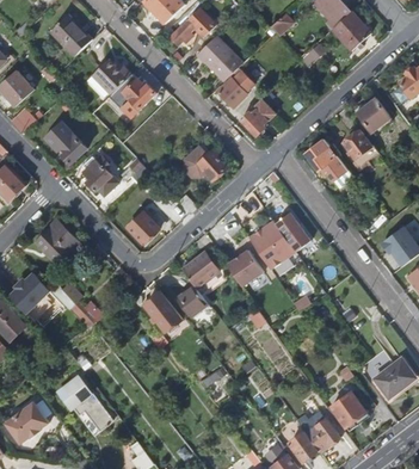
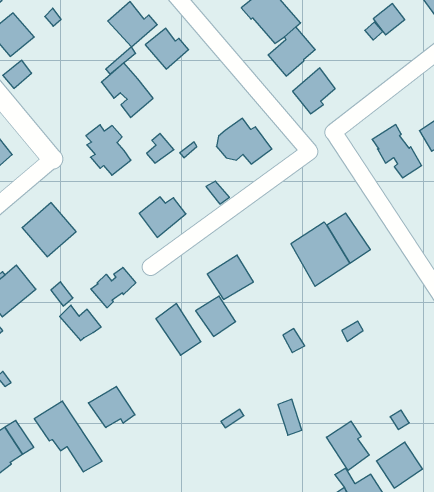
building: [44,122,86,165] -> [101,63,153,118]
building: [224,251,263,288] -> none
building: none -> [91,267,136,308]
building: none -> [88,386,135,428]
building: none -> [326,421,369,470]

